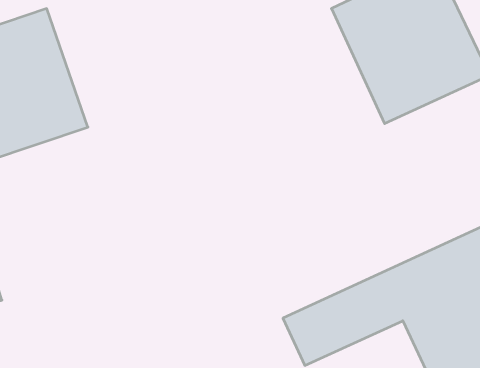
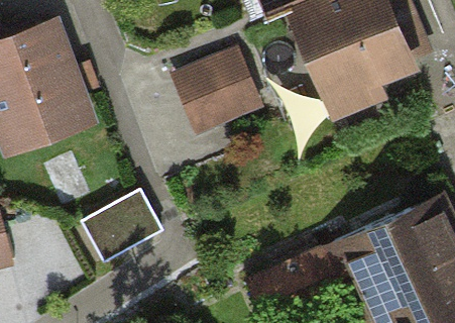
building: none -> [178,46,256,128]
building: none -> [82,190,166,265]

